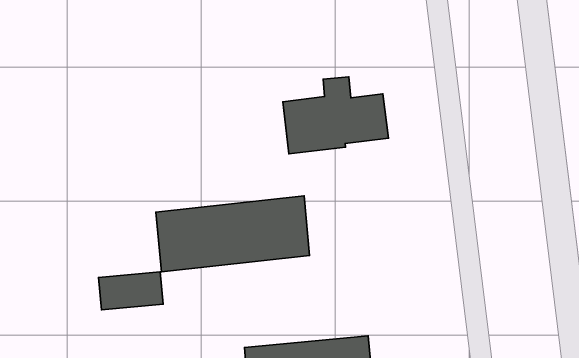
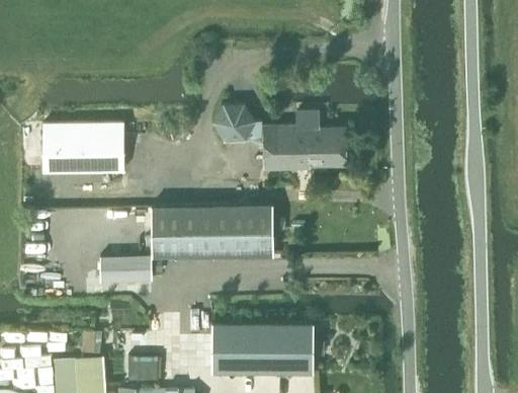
building: none -> [213,105,256,142]
building: none -> [42,125,123,173]

